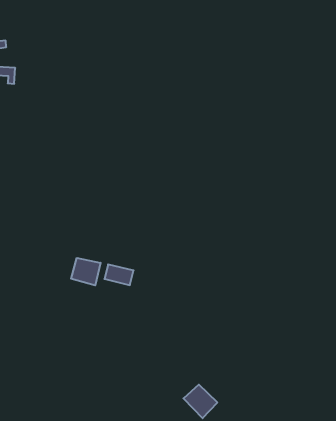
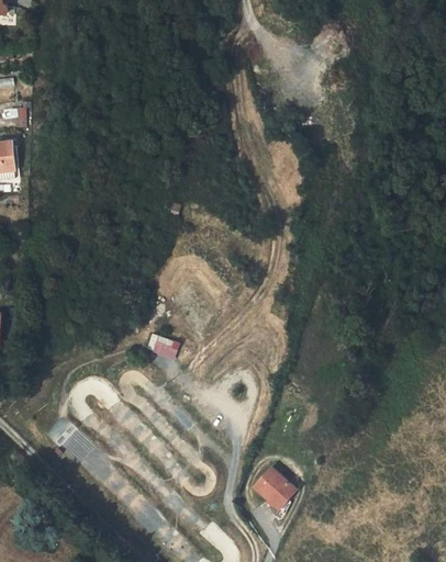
building: [71,258,101,285] -> none

